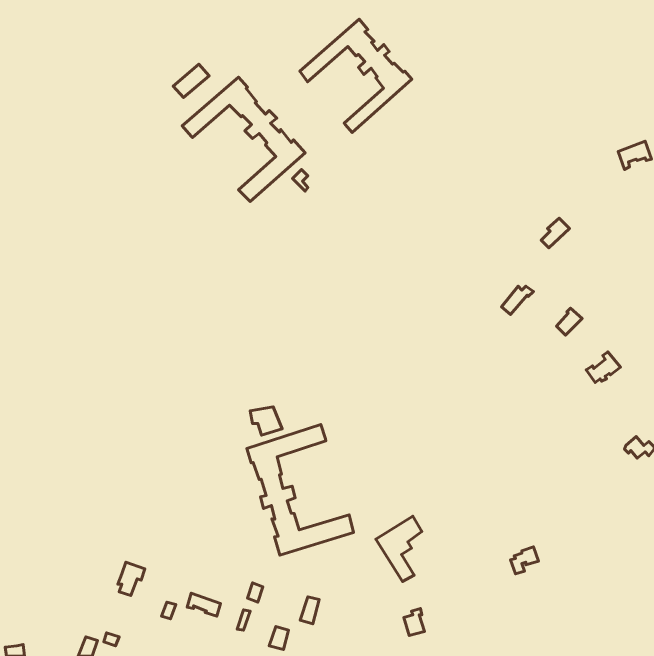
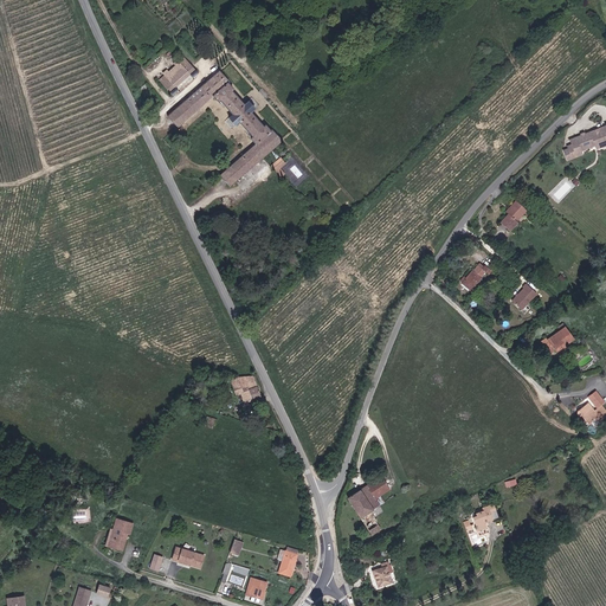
building: [300,19,412,133] -> none
building: [247,424,354,555] -> none

